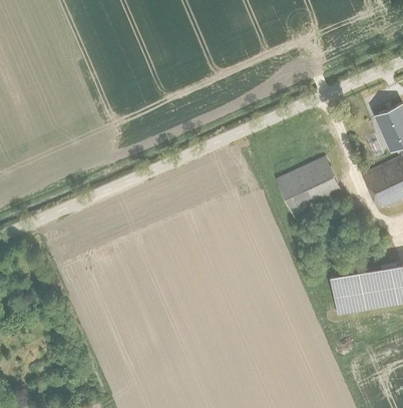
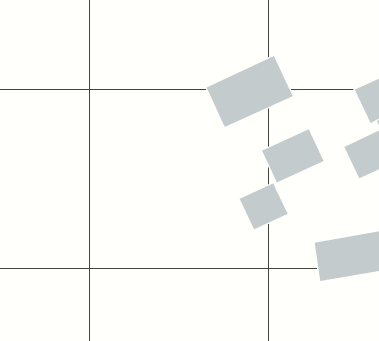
building: none -> [206,55,294,128]
building: none -> [239,183,289,230]

